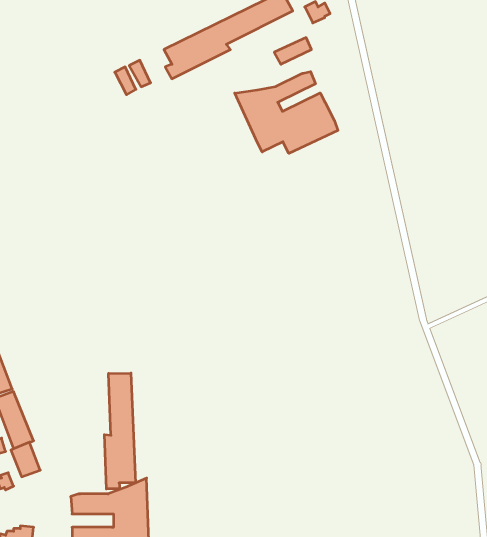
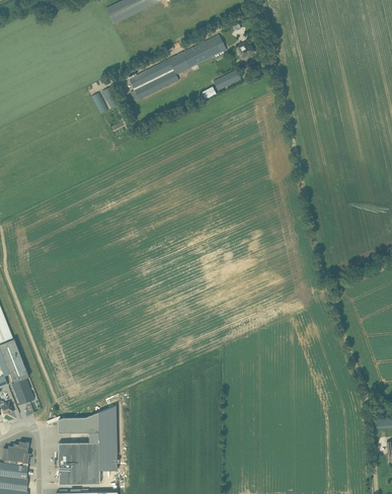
building: [235,72,338,153] -> none
building: [104,373,136,489] -> none

